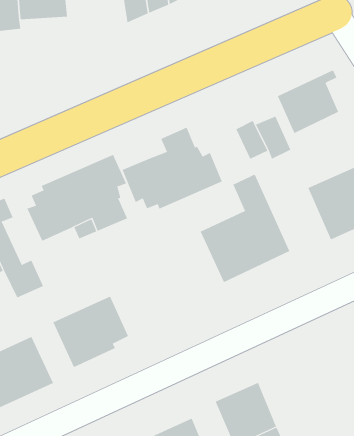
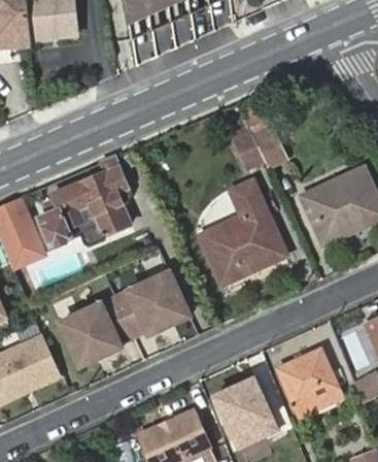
building: [277,69,339,134] -> none
building: [122,127,223,209] -> none
building: none -> [115,270,190,334]
building: none -> [278,350,341,415]

